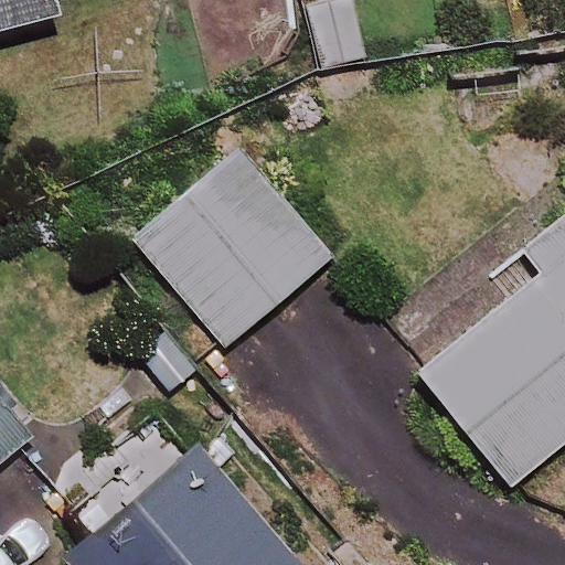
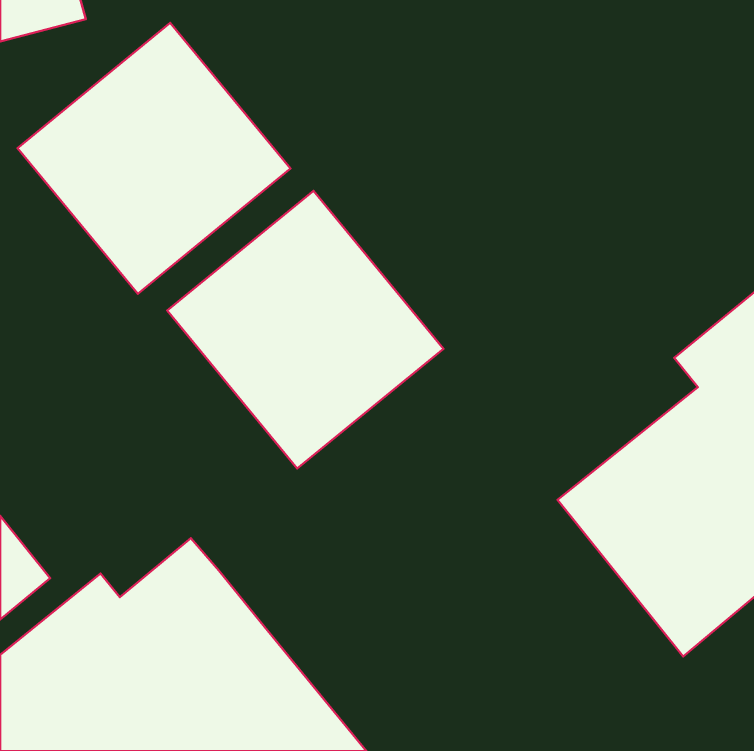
building: none -> [17,23,290,294]

